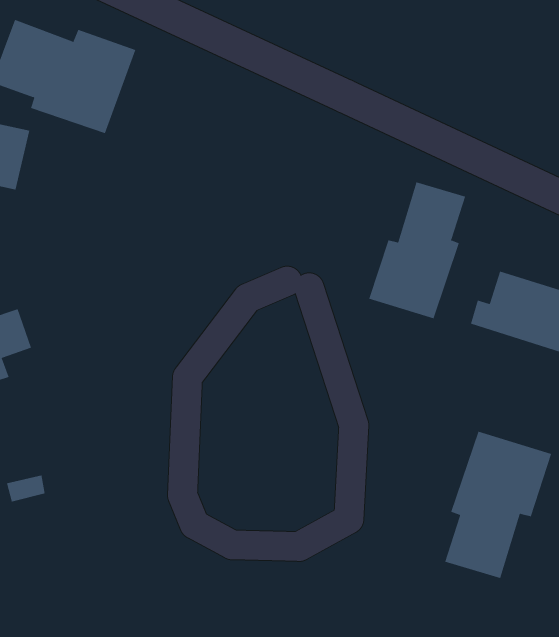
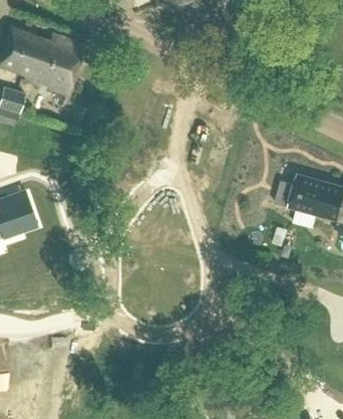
building: [369,181,466,319] -> none
building: [444,431,552,579] -> none

